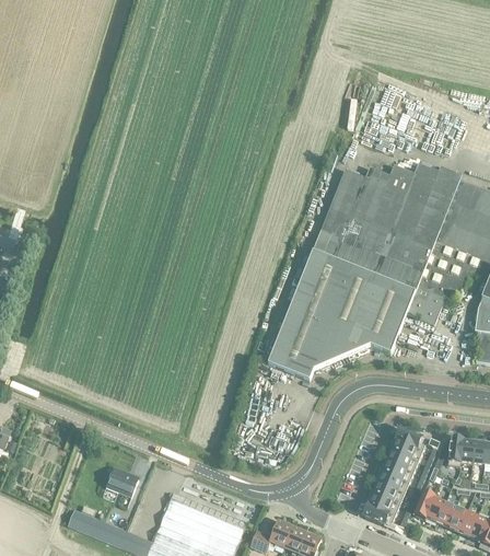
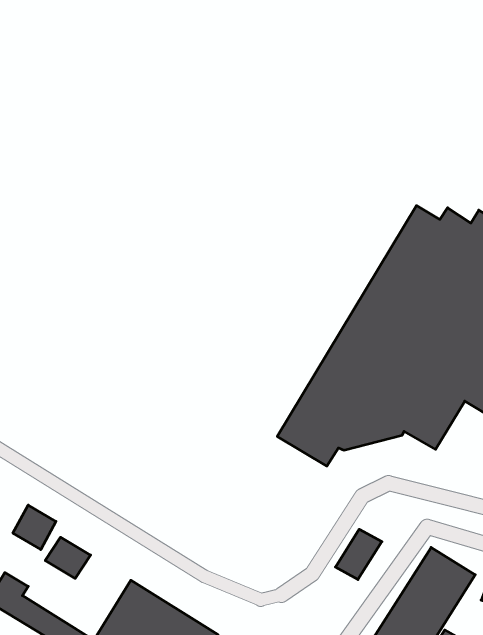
building: none -> [335,529,382,580]
building: none -> [13,505,56,550]

